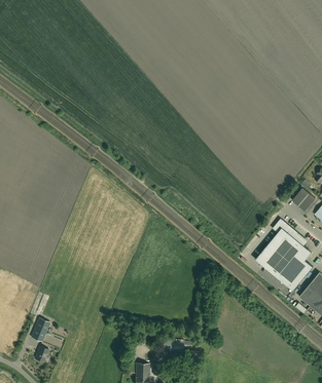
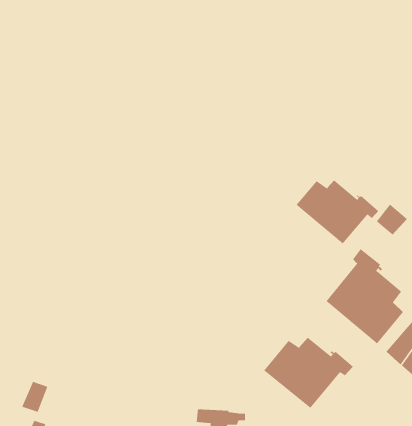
building: none -> [296,180,379,244]
building: none -> [263,337,354,409]

